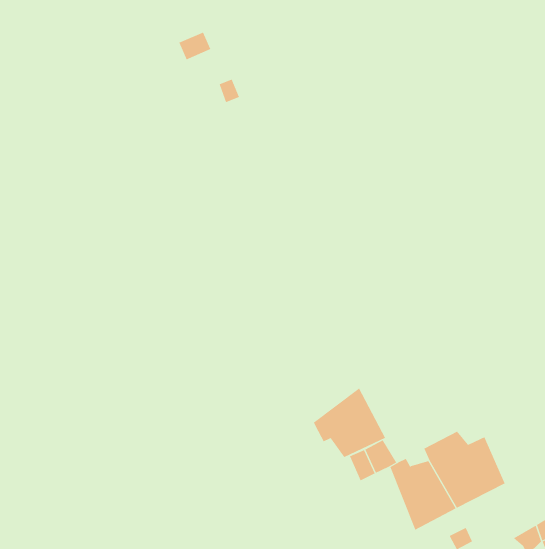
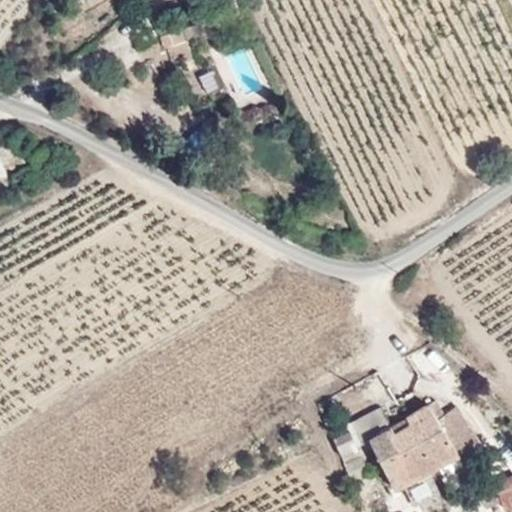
building: [313,388,386,458] -> none

